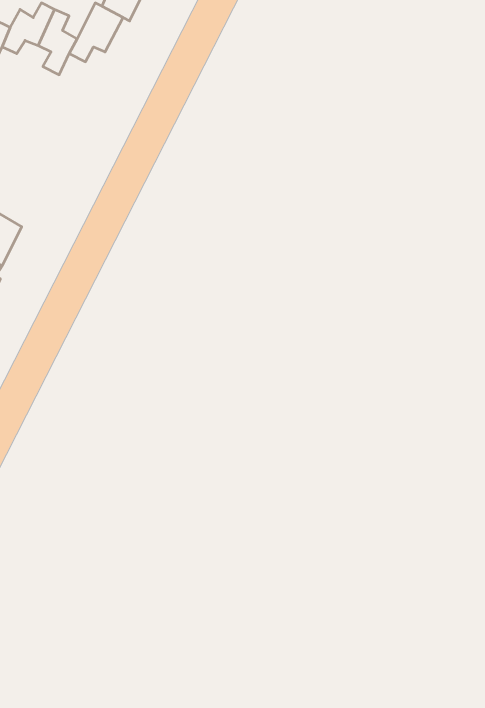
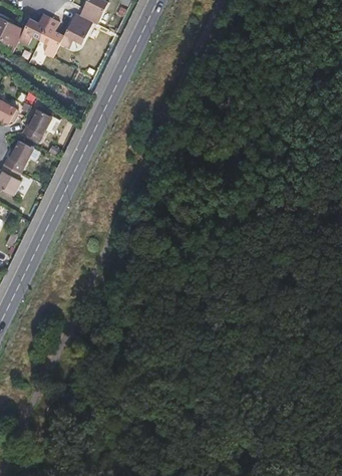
building: none -> [21,110,49,143]

